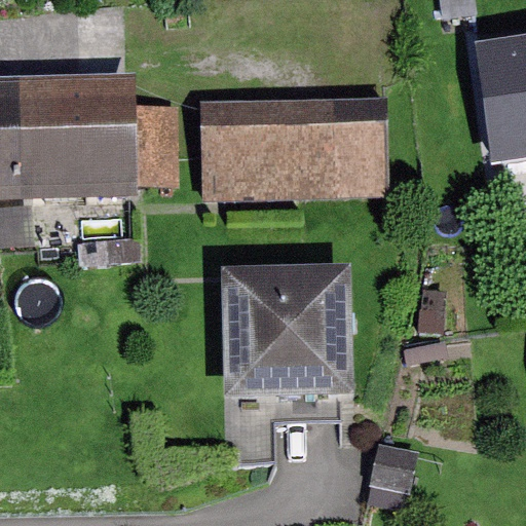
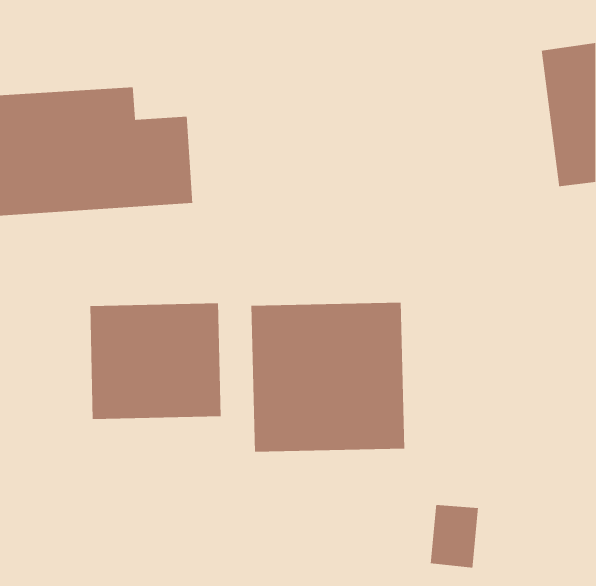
building: [201,98,387,199] -> none
building: none -> [89,303,221,420]

